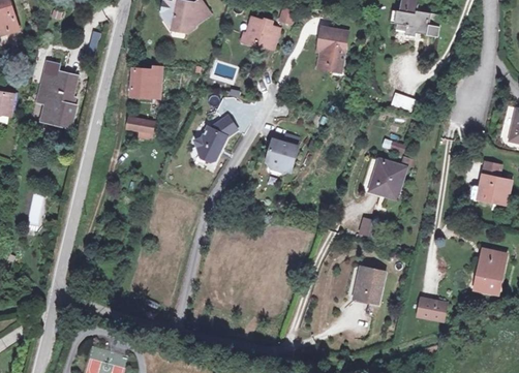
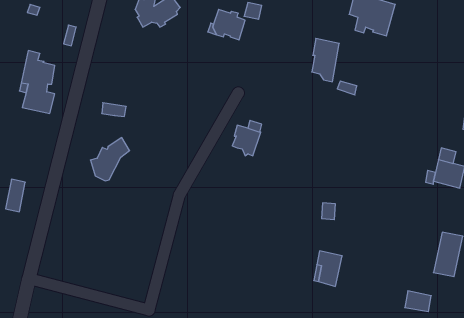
building: [318,26,347,71] -> [312,38,339,82]
building: [130,62,160,101] -> none
building: [193,113,235,158] -> [90,138,130,181]
building: [367,158,403,193] -> none
building: [416,303,444,324] -> [405,291,431,312]

